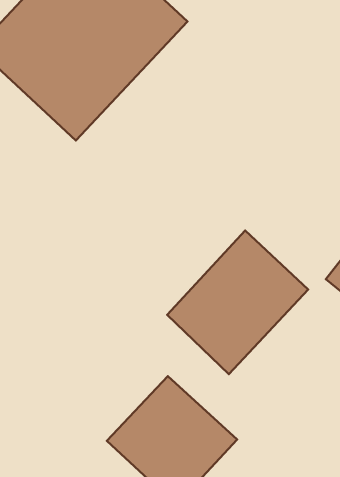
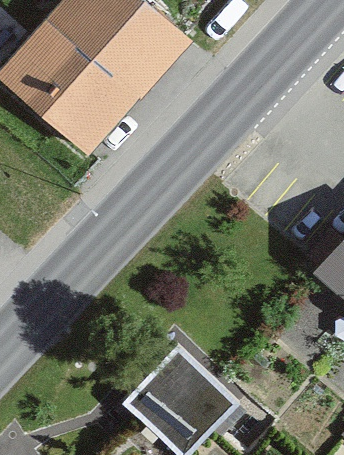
building: [167,231,308,374] -> none

